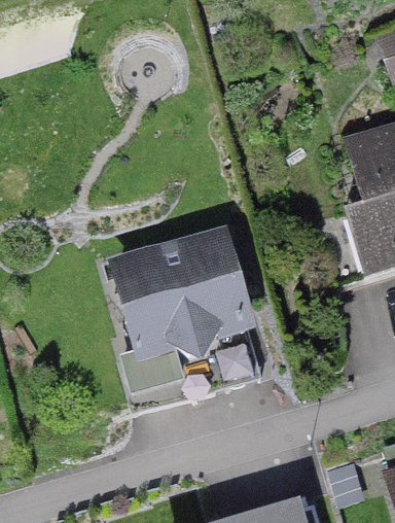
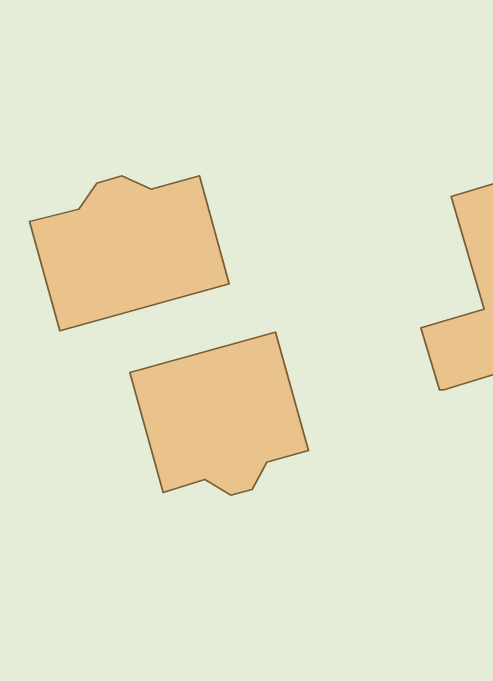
building: none -> [30,176,229,331]

